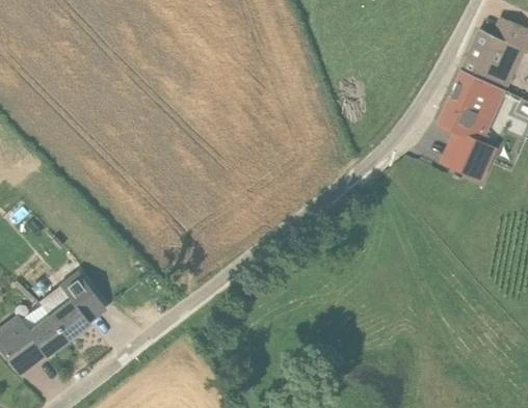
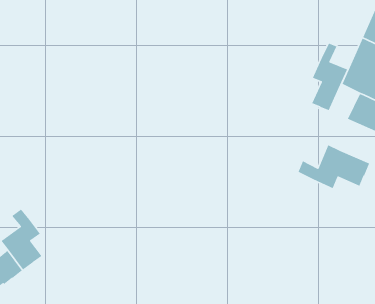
building: none -> [311,42,348,111]
building: none -> [297,144,370,189]

